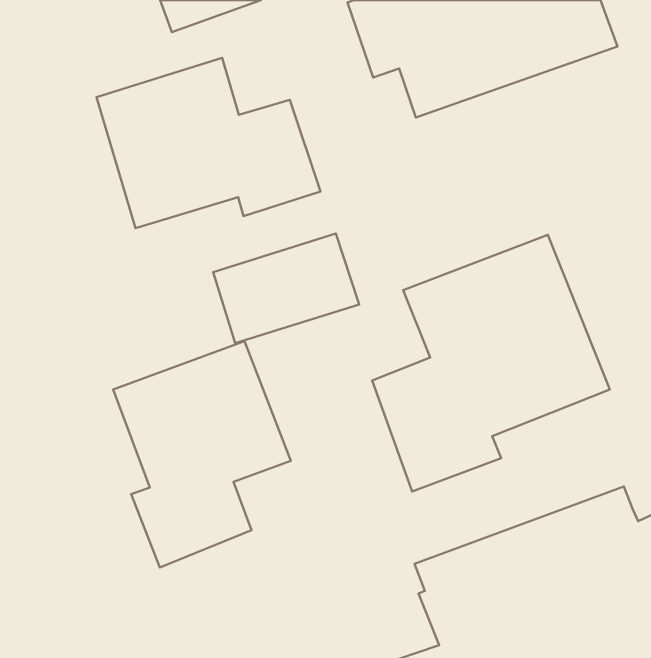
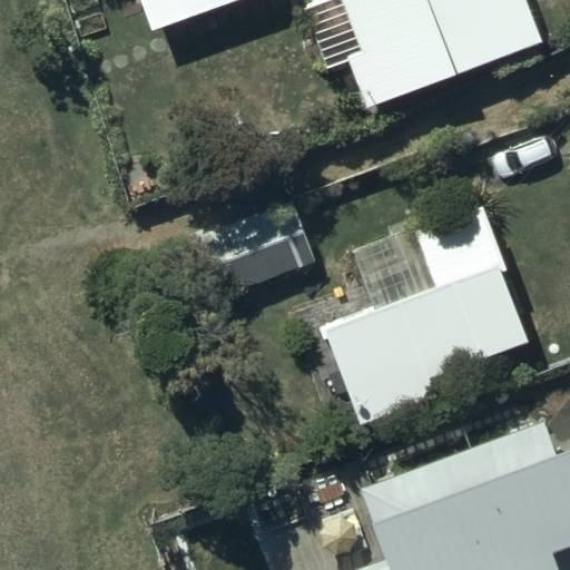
building: [96,58,321,228] -> none
building: [113,341,291,568] -> none

